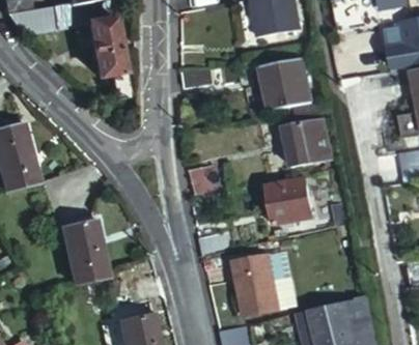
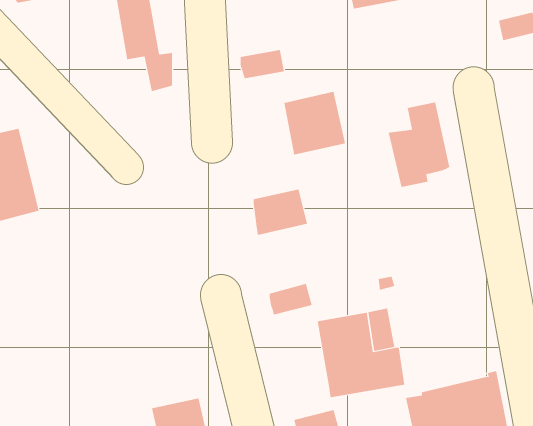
building: [271,55,315,100] -> [283,91,346,155]
building: [269,177,315,225] -> none
building: [60,220,107,284] -> none

